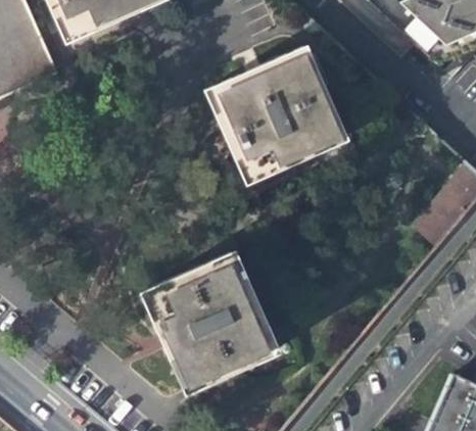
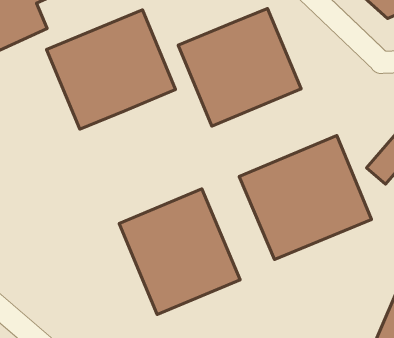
building: none -> [47,10,176,129]
building: none -> [239,136,372,260]

